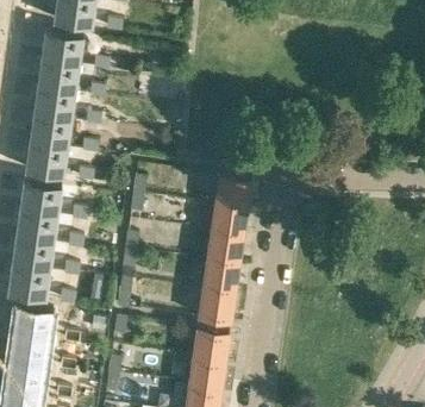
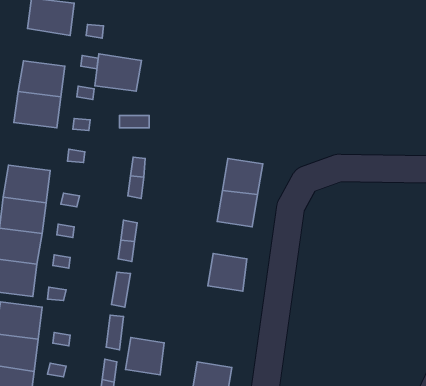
building: [38,61,80,94] -> [95,54,142,91]
building: [26,144,68,177] -> none
building: [207,232,242,265] -> none
building: [198,289,233,323] -> none
building: [193,328,227,362] -> [125,337,164,375]

